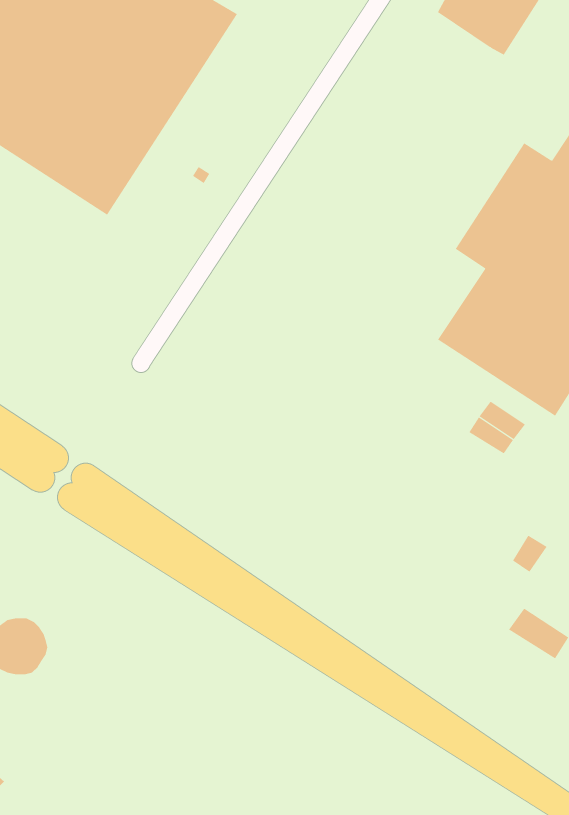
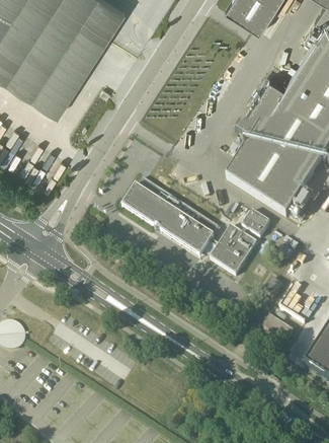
building: none -> [122,177,257,275]

